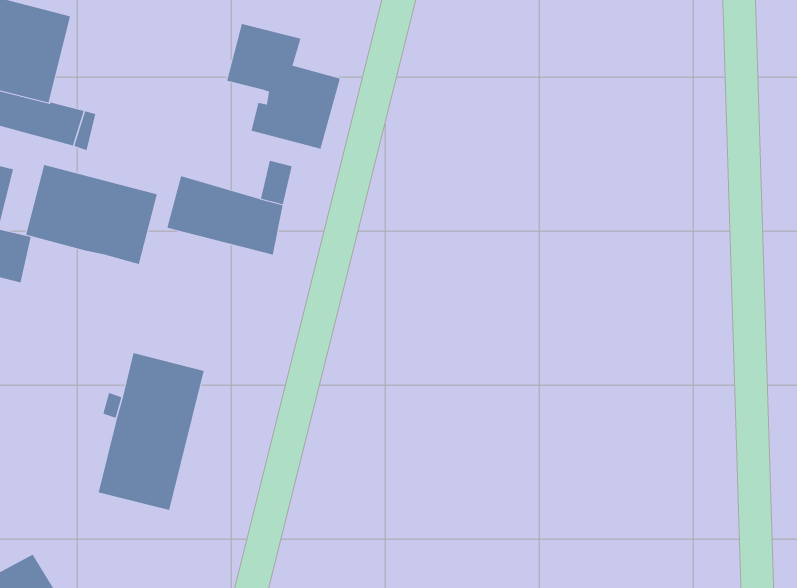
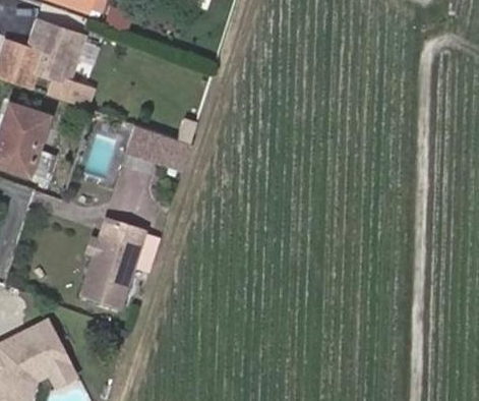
building: [226,23,341,150] -> none
building: [26,164,157,265] -> none

